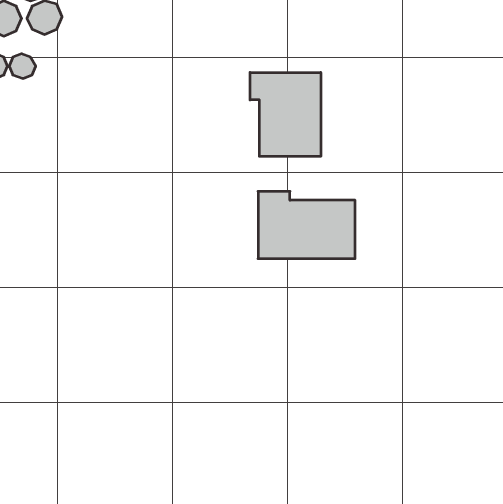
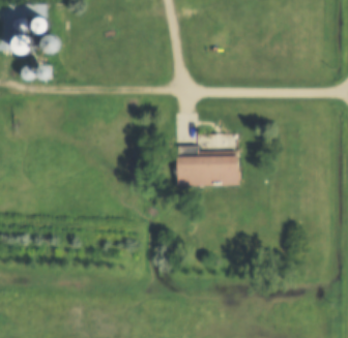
building: [250,72,321,156] -> none

